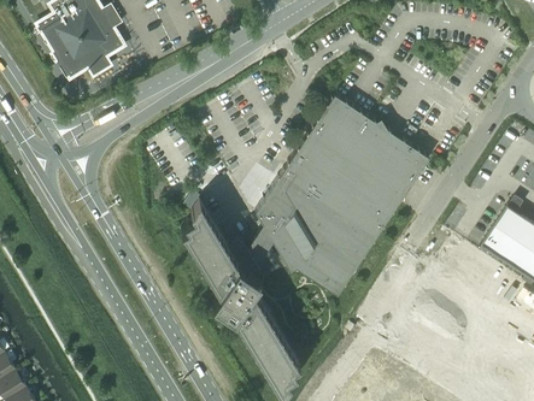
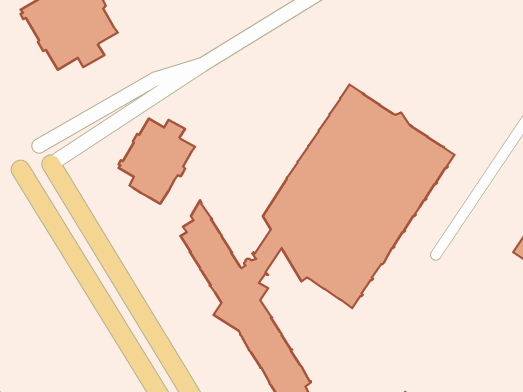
building: none -> [119,118,195,204]

